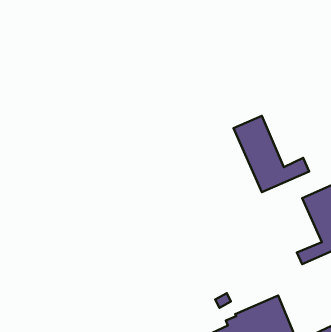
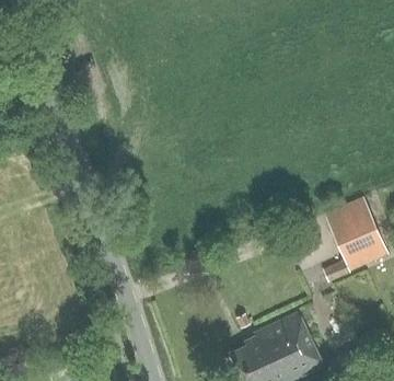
building: [233,116,309,192] -> none

